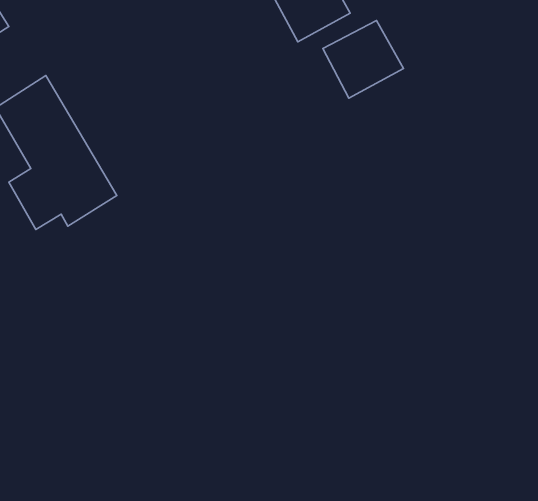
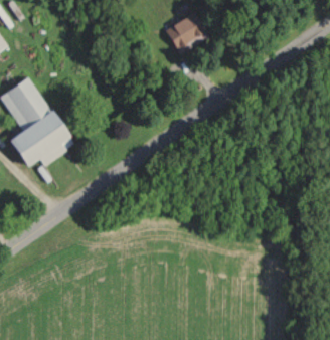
building: [323,20,404,98] -> none

